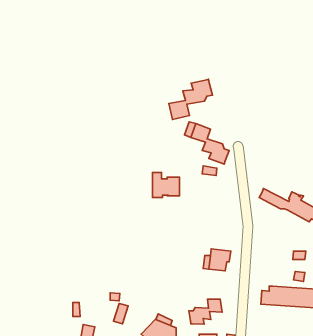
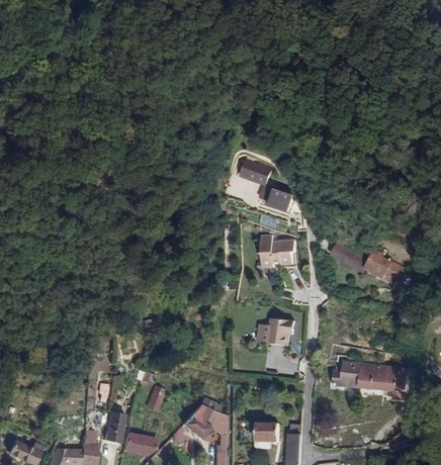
building: [169,79,212,119] -> none
building: [153,172,179,198] -> [258,233,291,264]
building: [189,299,222,324] -> none

